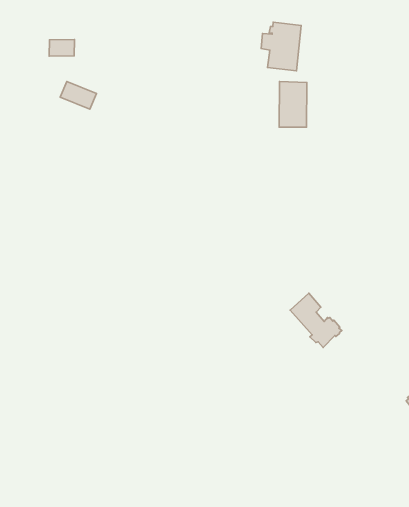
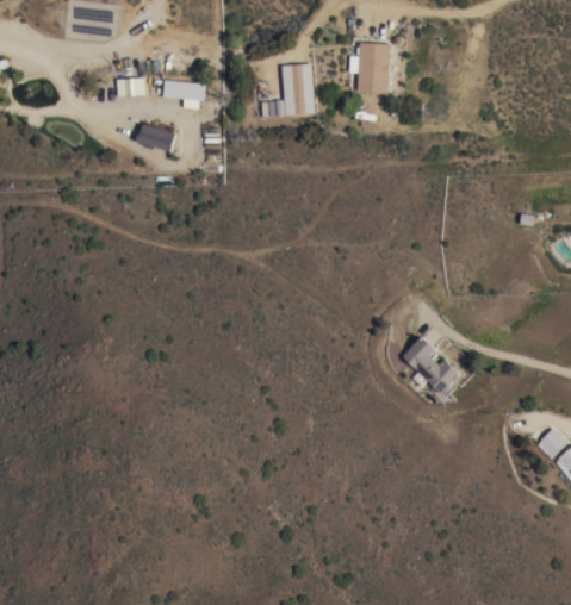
building: none -> [162,79,206,101]
building: [279,81,307,127] -> [281,63,315,114]

